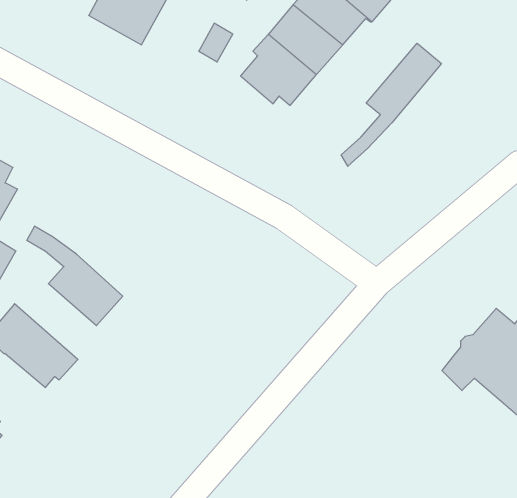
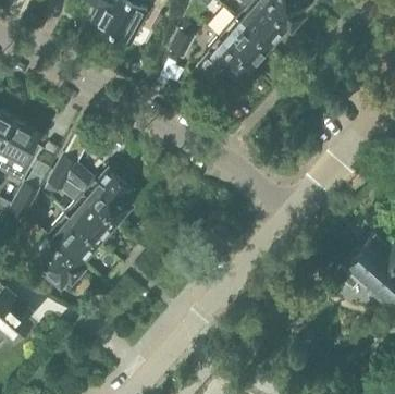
building: [341,43,441,166] -> none
building: none -> [53,140,134,223]
building: none -> [39,214,97,268]

